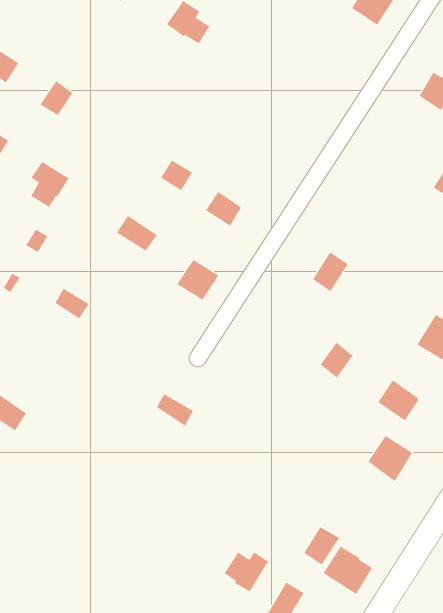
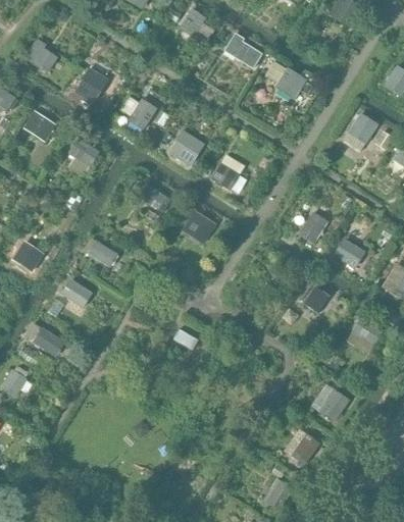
building: none -> [223,35,263,69]
building: none -> [265,59,307,98]
building: none -> [121,95,158,132]
building: none -> [347,111,378,144]
building: none -> [333,237,365,267]
building: none -> [58,278,92,309]
building: [367,435,413,482] -> [312,383,349,421]
building: [323,546,373,595] -> none
building: [224,551,269,592] -> none

